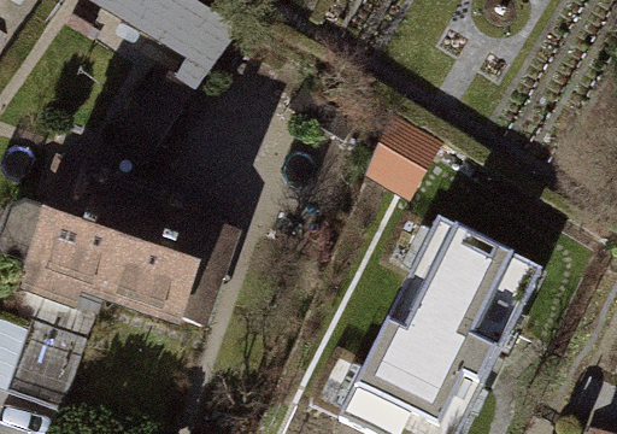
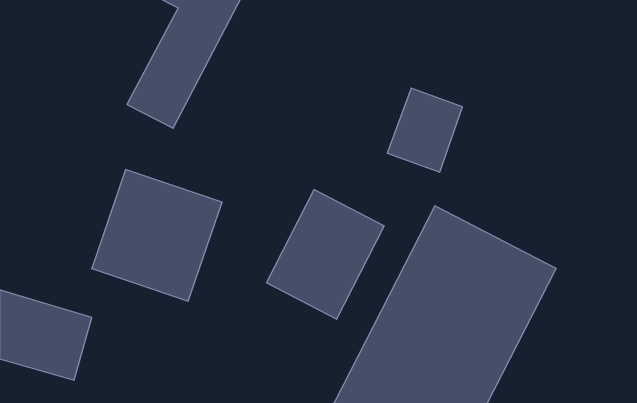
building: [14,142,130,311] -> none
building: none -> [266,190,384,319]

